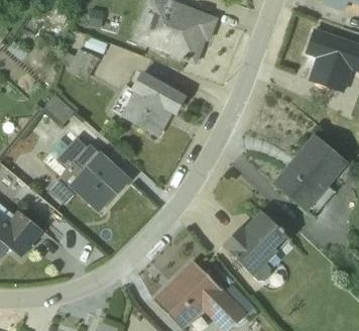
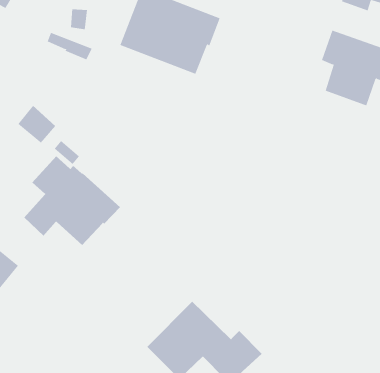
building: [120,71,187,137] -> none
building: [271,132,349,216] -> none
building: [222,209,289,280] -> none

